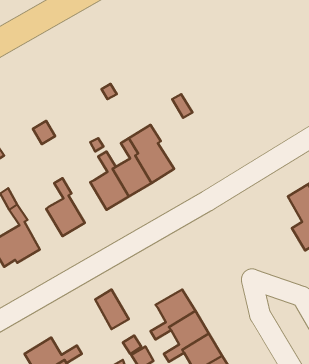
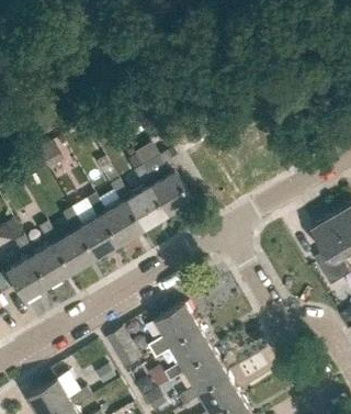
building: none -> [77,194,117,257]
building: none -> [30,223,70,286]
building: none -> [148,304,199,358]

